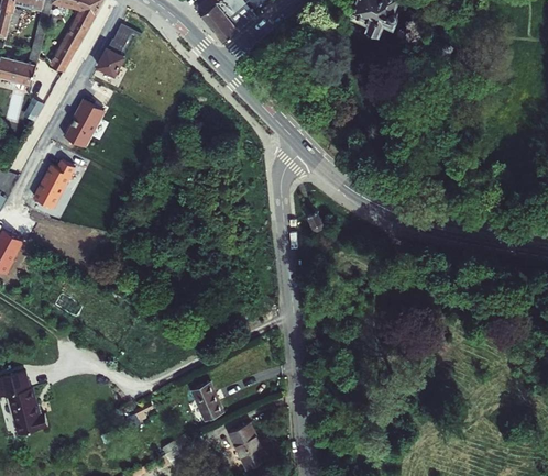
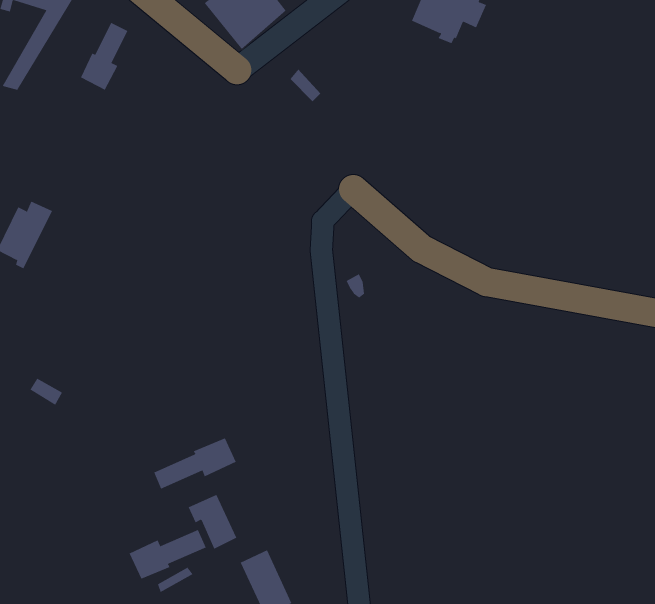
building: [67,99,108,145] -> none
building: none -> [153,437,237,490]
building: none -> [129,529,206,579]

